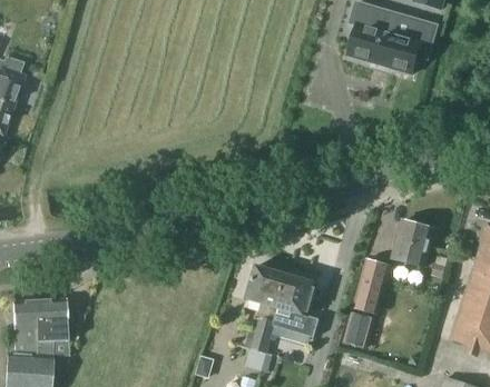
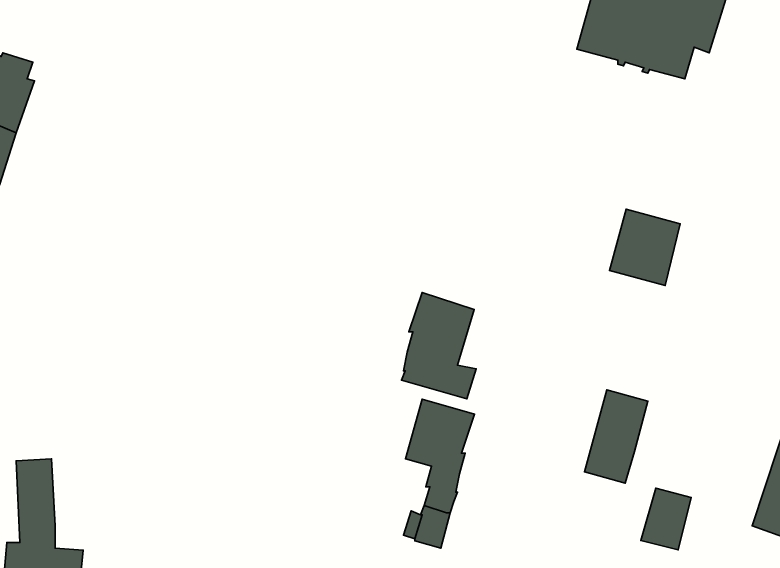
building: [391,220,433,266] -> [609,209,680,285]
building: [274,274,318,337] -> [402,293,476,399]
building: [33,298,67,355] -> none
building: [342,311,372,348] -> [641,488,691,550]

